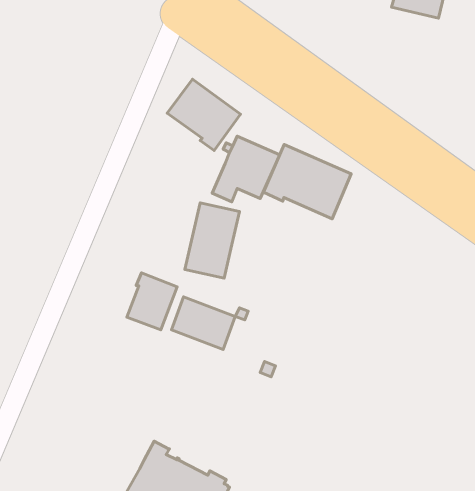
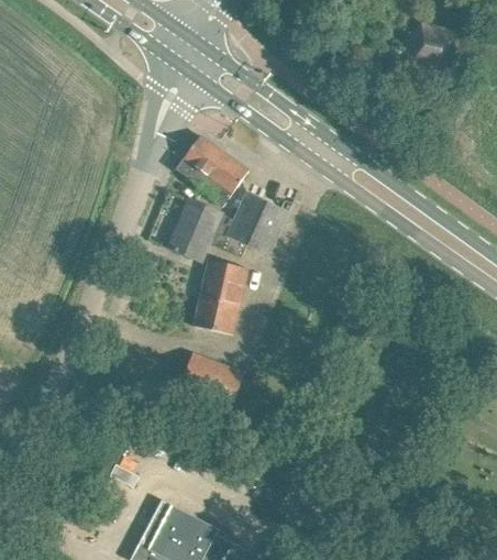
building: none -> [169,198,234,261]
building: [264,145,351,219] -> none
building: [127,273,177,330] -> none

